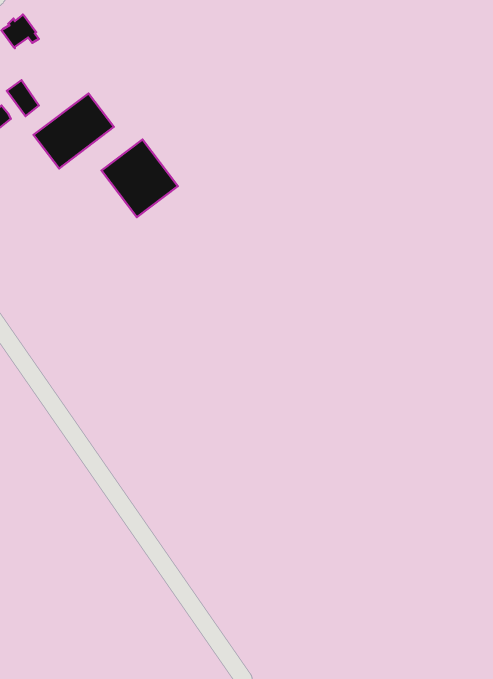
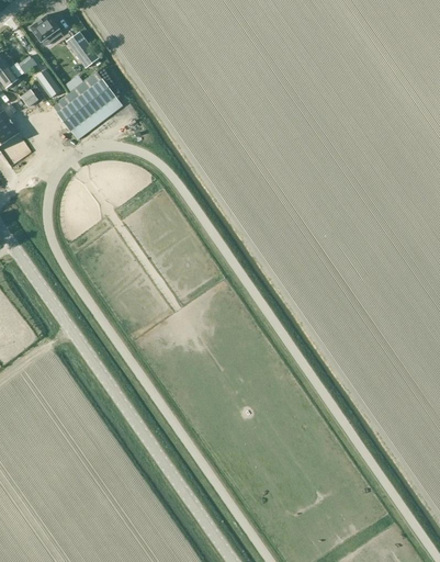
building: none -> [66,30,99,67]
building: [101,140,178,217] -> none

